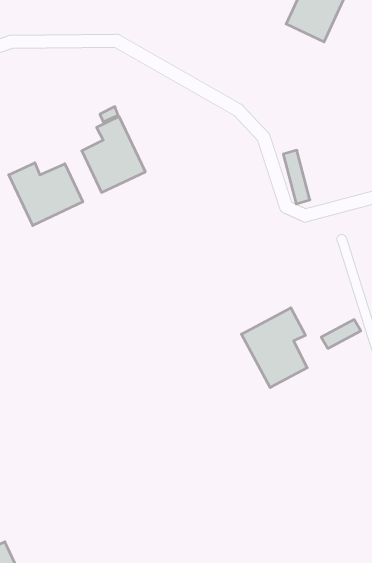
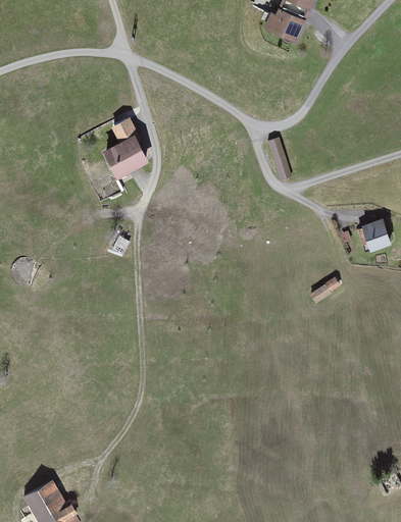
building: [9,163,83,226] -> none
building: [241,308,307,388] -> none

